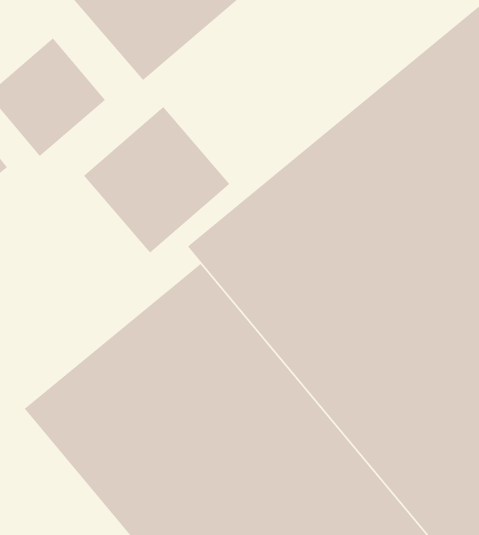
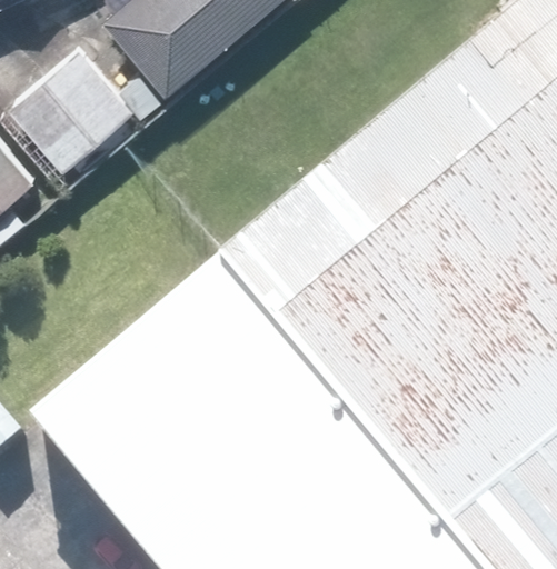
building: [83,106,230,253] -> none

